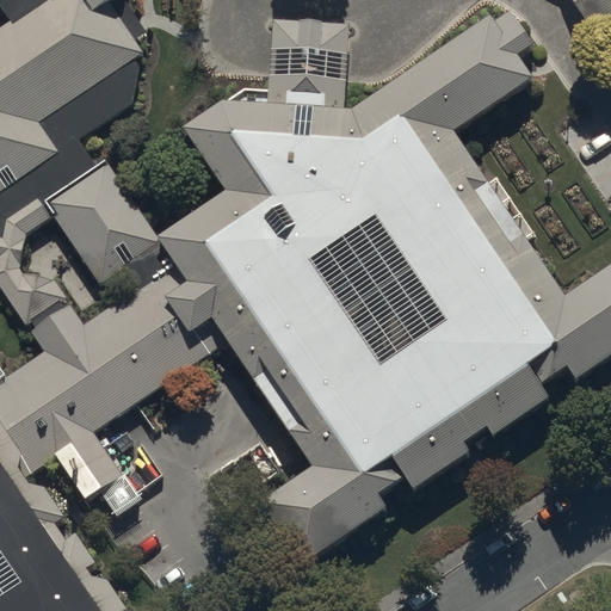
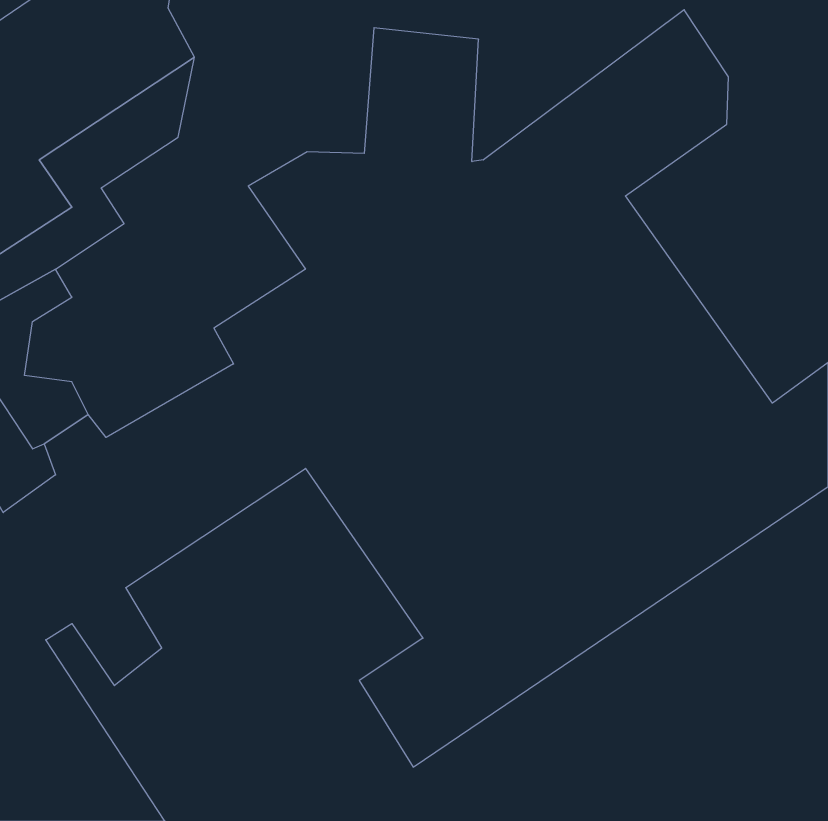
building: [41,156,156,283] -> none

